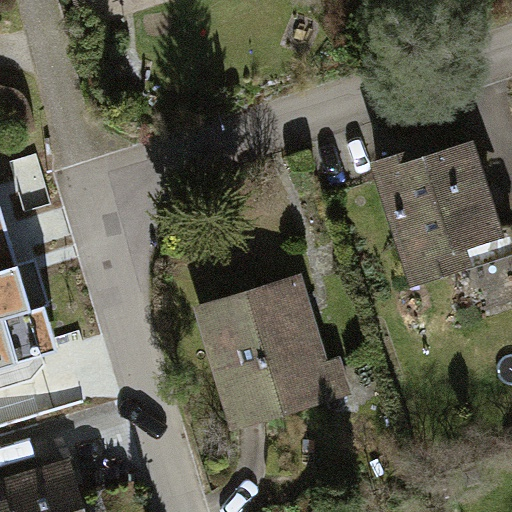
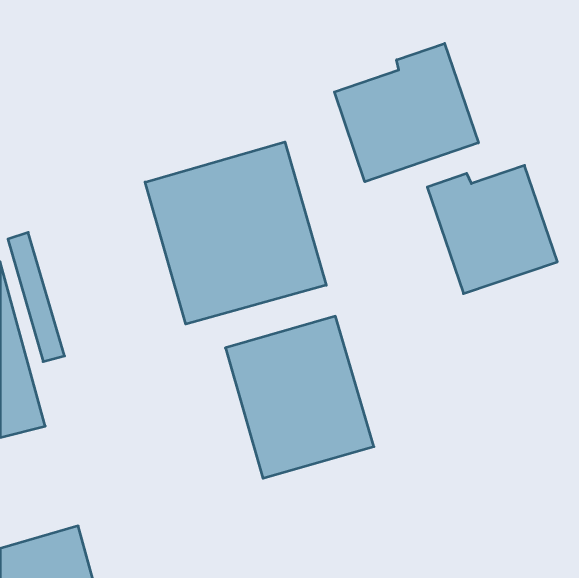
building: none -> [334,43,478,182]
building: none -> [145,142,326,324]

